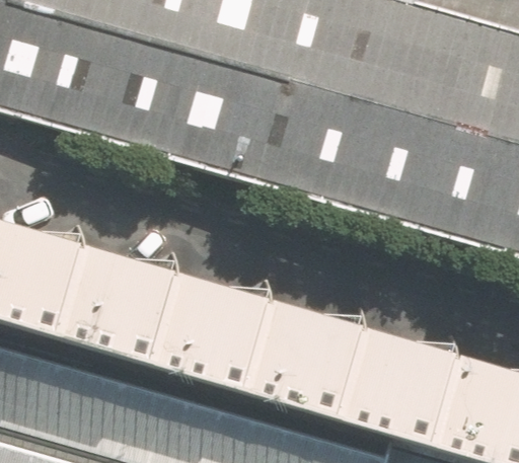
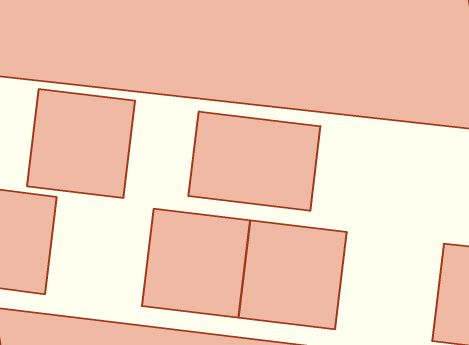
building: none -> [189,111,320,211]
building: [53,244,173,365] -> [27,89,135,198]
building: [332,326,453,447] -> none

